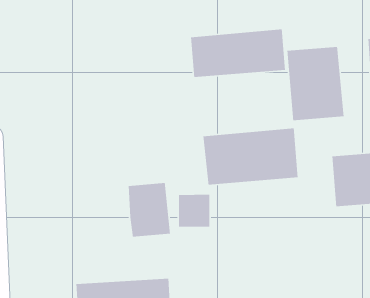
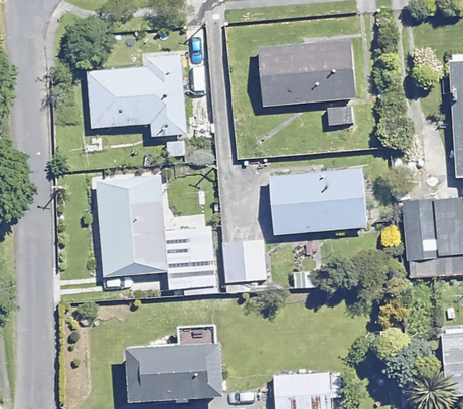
building: none -> [68,52,171,132]
building: [287,46,344,121] -> none
building: none -> [72,179,150,273]

